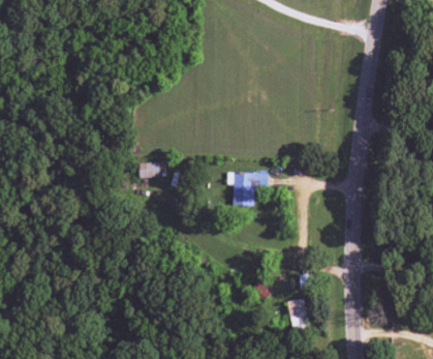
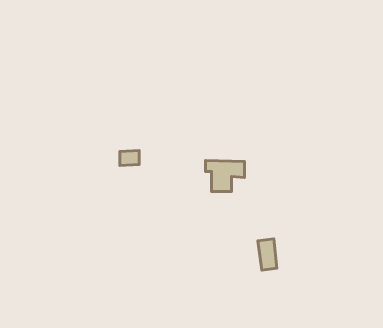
building: [288,299,308,331] -> [258,239,277,270]

